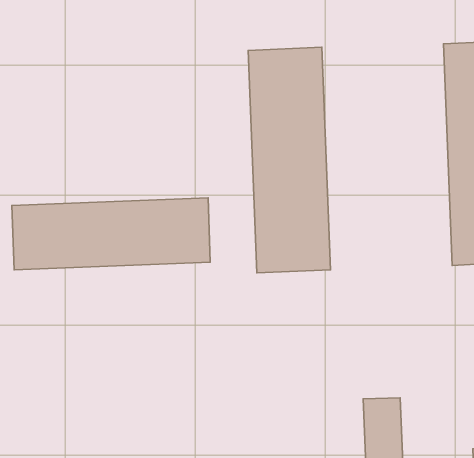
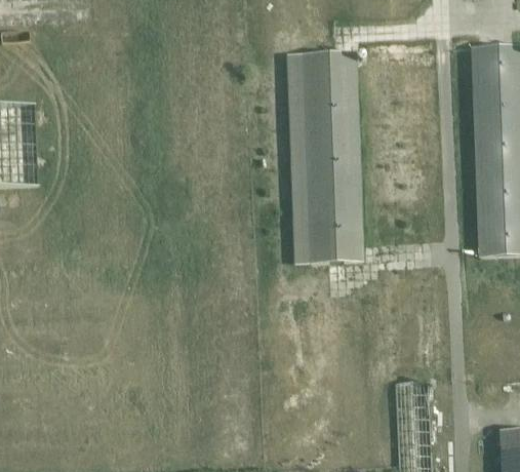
building: [12,198,210,270] -> none

